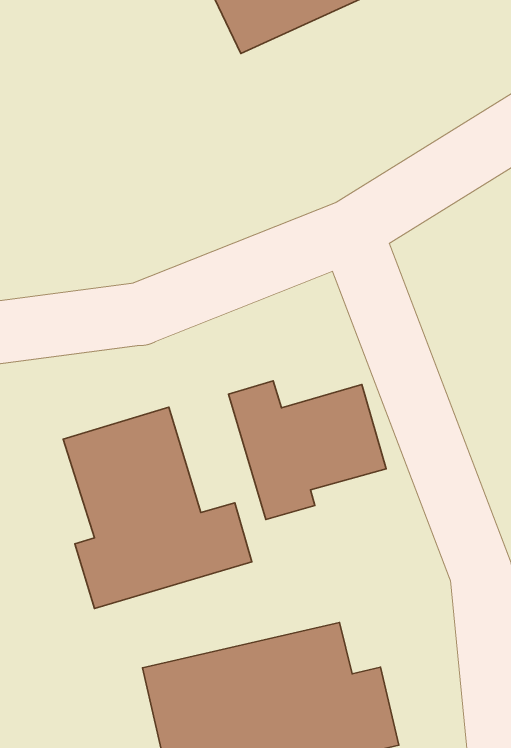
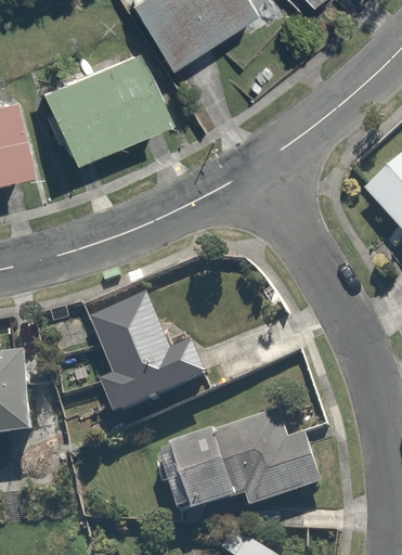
building: none -> [37,47,168,164]
building: [229,381,386,520] -> none

